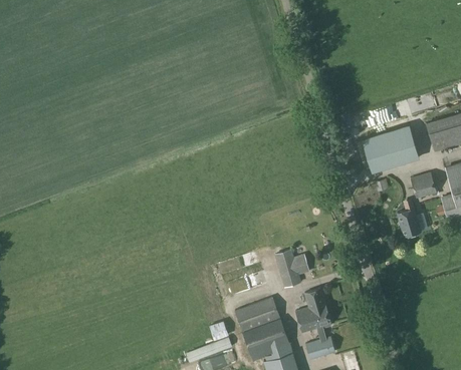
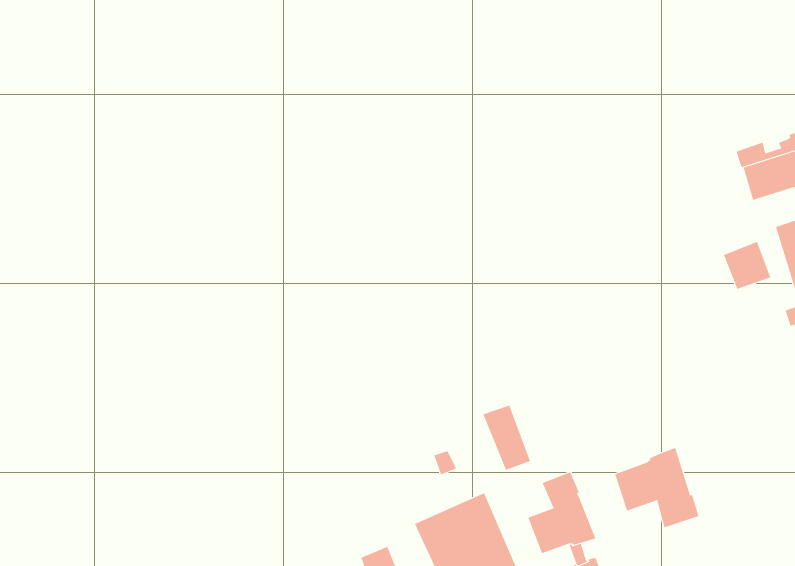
building: [362,124,419,172] -> none
building: [398,210,422,239] -> none
building: none -> [614,447,699,528]

